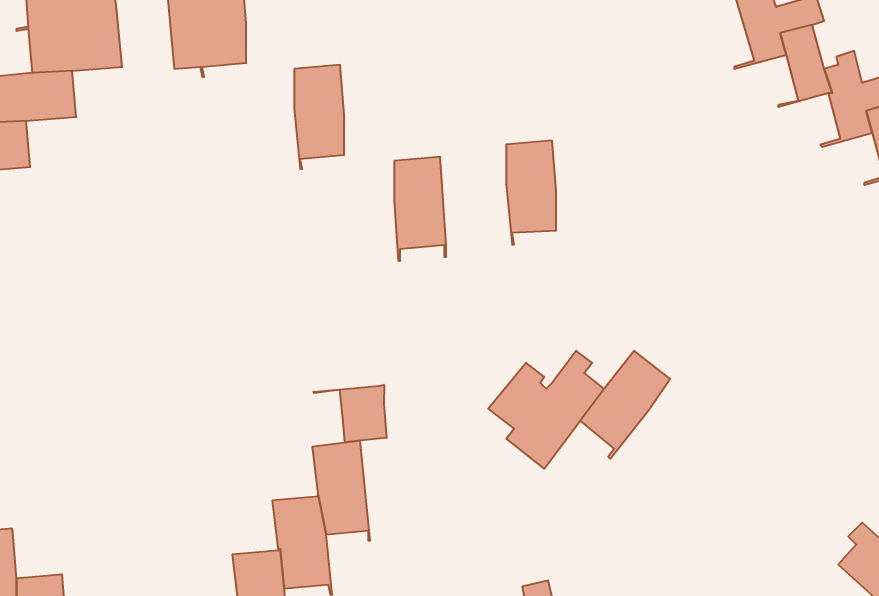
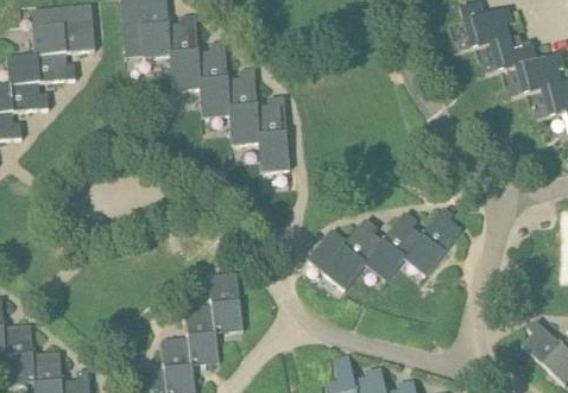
building: none -> [169,23,197,83]
building: [506,141,556,245] -> [227,76,257,138]
building: none -> [408,207,461,275]
building: [313,385,387,442] -> none

